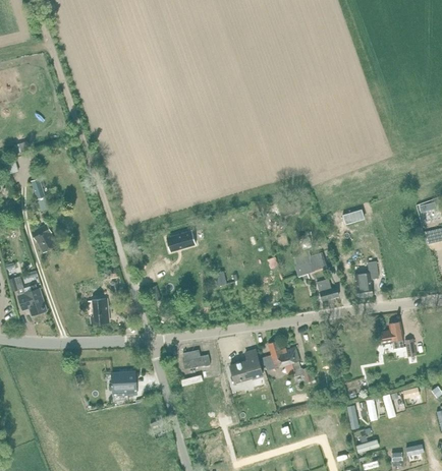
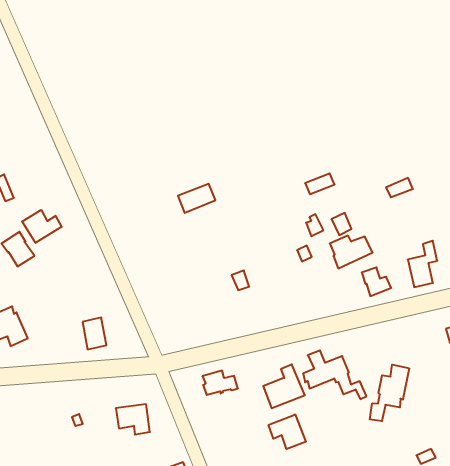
building: none -> [22,210,62,243]
building: [166,231,196,252] -> [178,184,215,213]
building: none -> [370,365,409,421]
building: none -> [269,414,306,449]

